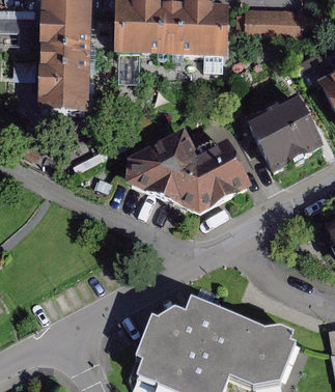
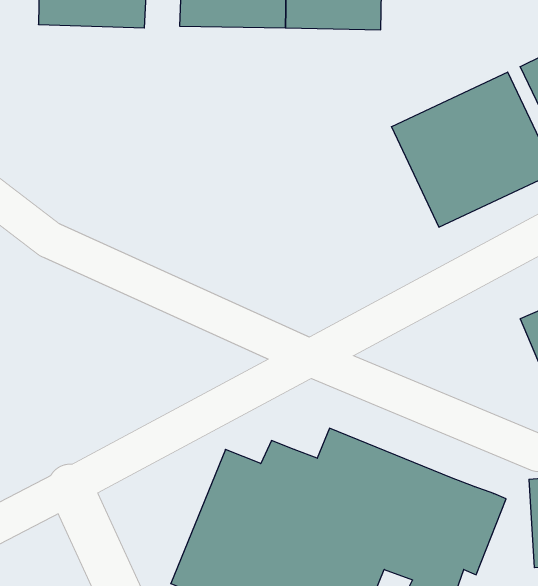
building: [32,55,96,115] -> none
building: [119,124,264,209] -> none

